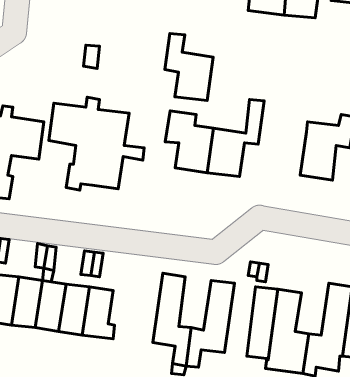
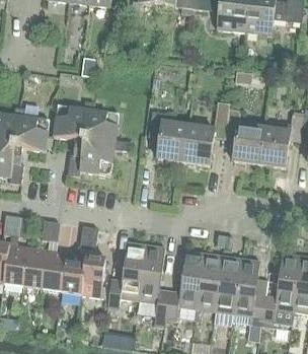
building: [165,34,213,101] -> [224,109,263,163]
building: none -> [105,241,146,308]
building: none -> [197,252,222,311]

